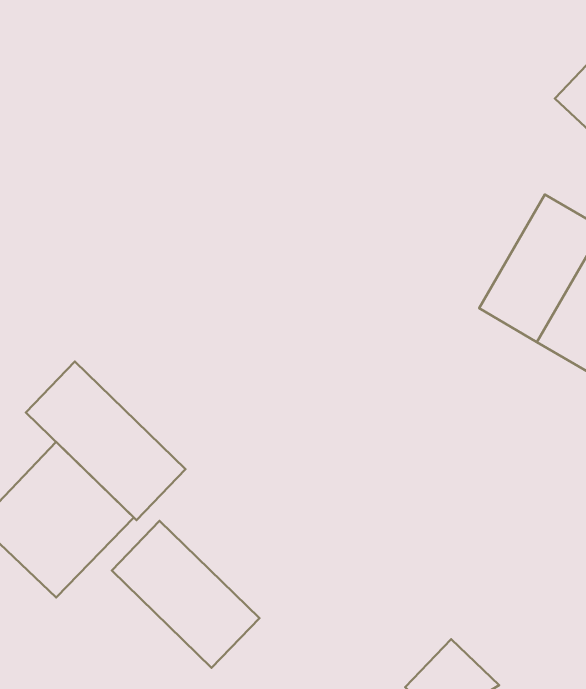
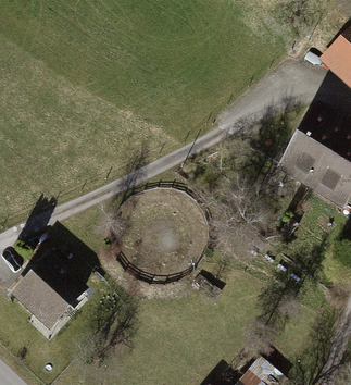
building: [26,362,185,520] -> none
building: [112,521,259,668] -> none

